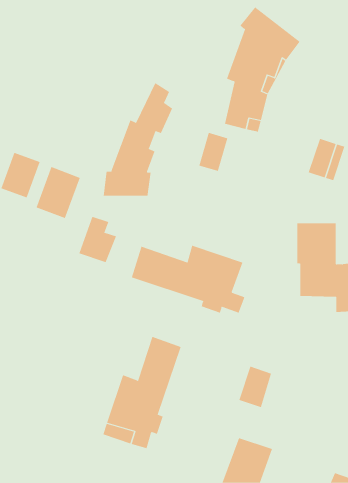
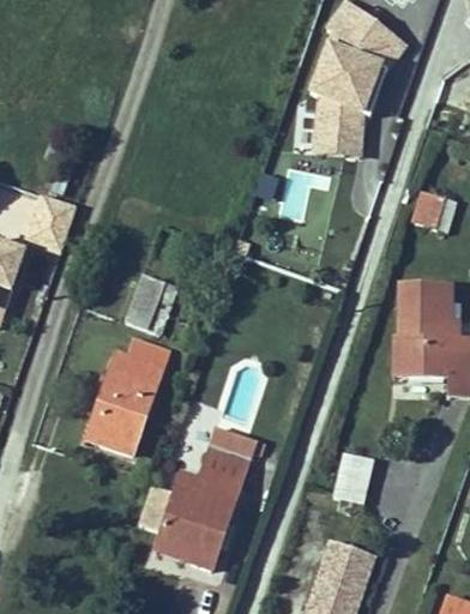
building: [103,82,173,196] -> none
building: [36,166,81,219] -> none
building: [131,245,245,314] -> none
building: none -> [86,355,159,452]

